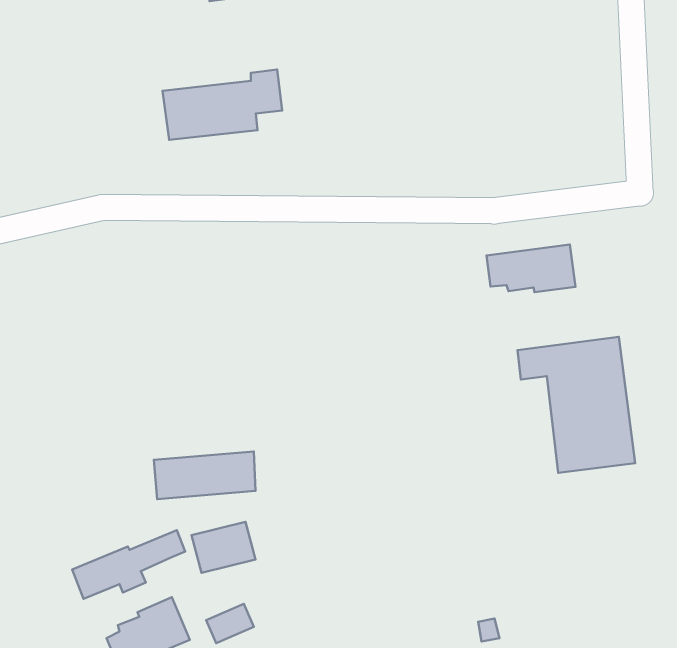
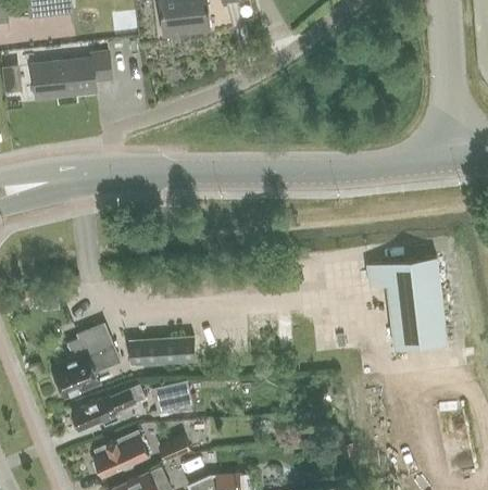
building: [163,69,282,140] -> [32,50,111,97]
building: [486,244,576,292] -> none
building: none -> [55,324,121,397]

